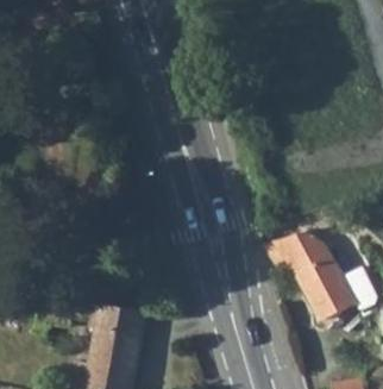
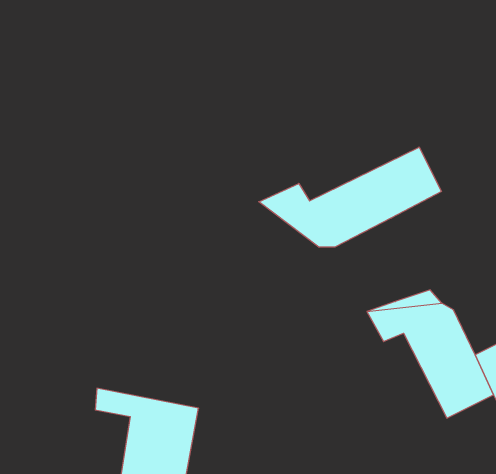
building: none -> [259,147,441,247]

